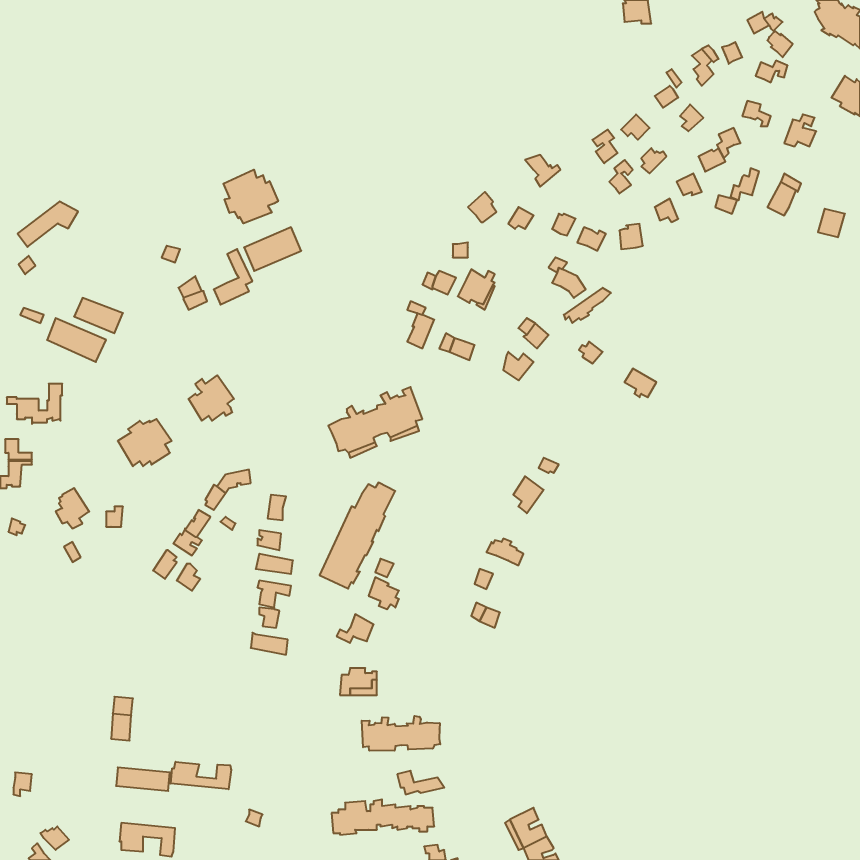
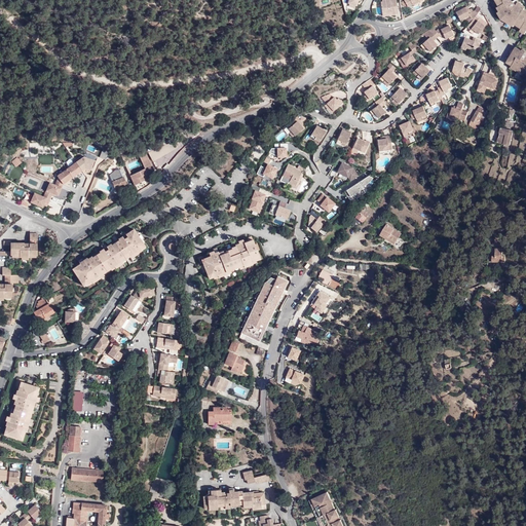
building: [223,170,278,223] -> none
building: [18,201,78,247] -> [60,156,97,184]
building: none -> [96,243,123,271]
building: [320,483,395,589] -> [241,276,288,341]
building: none -> [4,383,37,440]
building: [362,716,440,751] -> none
building: [171,762,231,789] -> none

